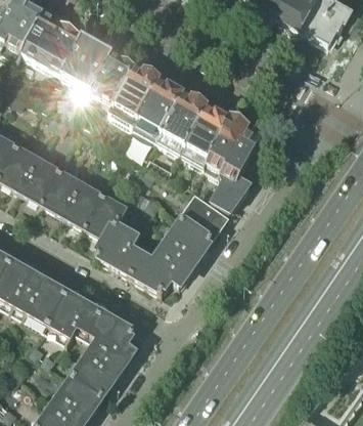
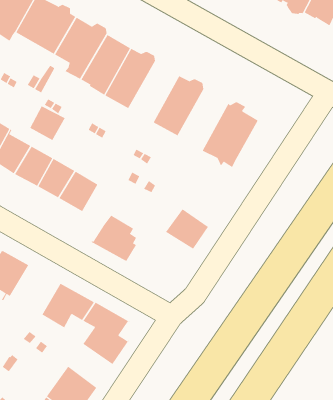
building: [132,77,181,137] -> none
building: [180,104,229,165] -> none
building: none -> [29,106,65,141]
building: [211,175,249,212] -> none
building: [87,198,125,237] -> none
building: [181,198,226,239] -> none
building: [130,244,195,292] -> none
building: [16,276,65,325] -> none
building: [73,353,117,396] -> none

